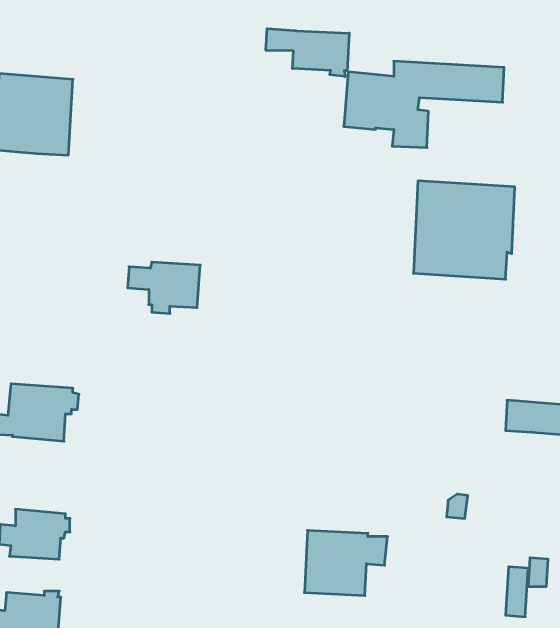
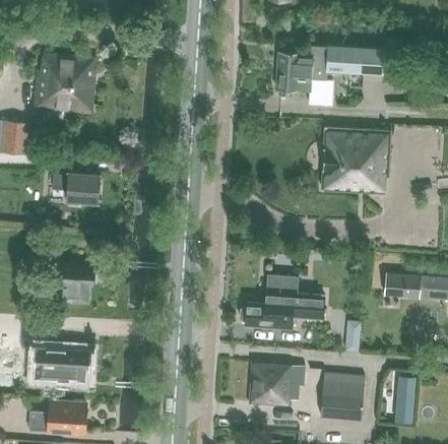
building: [266,29,349,77] -> none
building: [128,262,200,314] -> [53,170,102,204]
building: none -> [241,273,324,328]
building: none -> [321,372,366,419]

